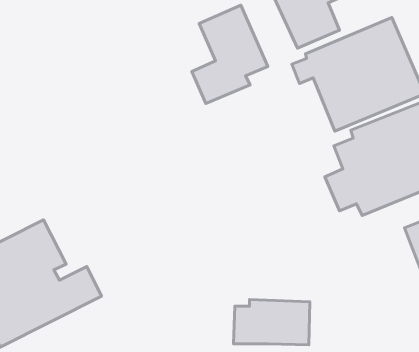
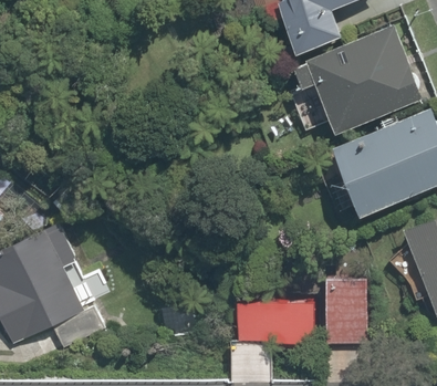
building: [192,5,268,104] -> none
building: none -> [324,263,368,344]

